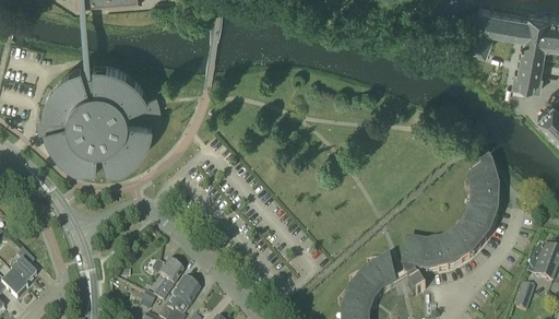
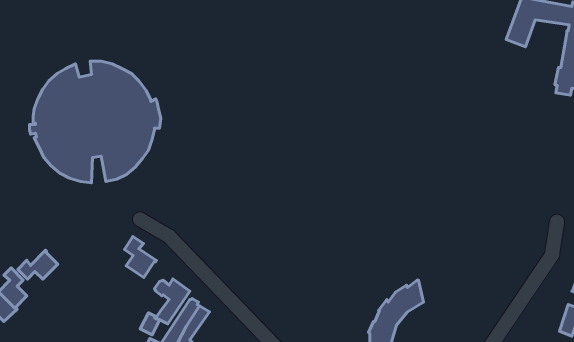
building: [403,169,495,297] -> none
building: none -> [124,237,156,277]
building: none -> [18,250,58,279]

